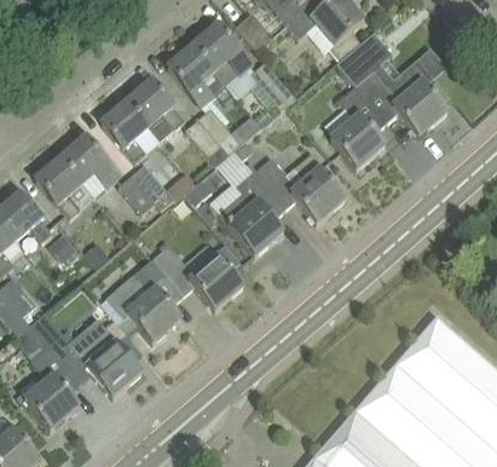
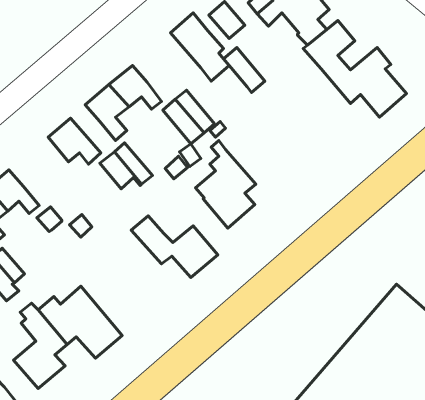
building: [168,45,226,104] -> none
building: [330,83,387,168] -> none
building: [253,151,346,223] -> none
building: [36,157,83,217] -> none
building: [105,258,184,342] -> none

